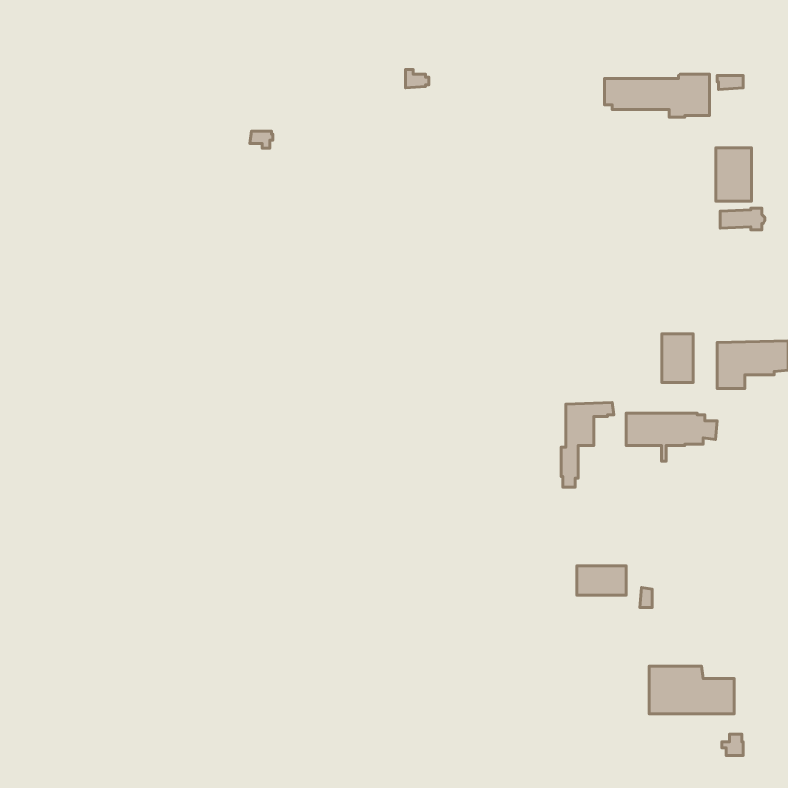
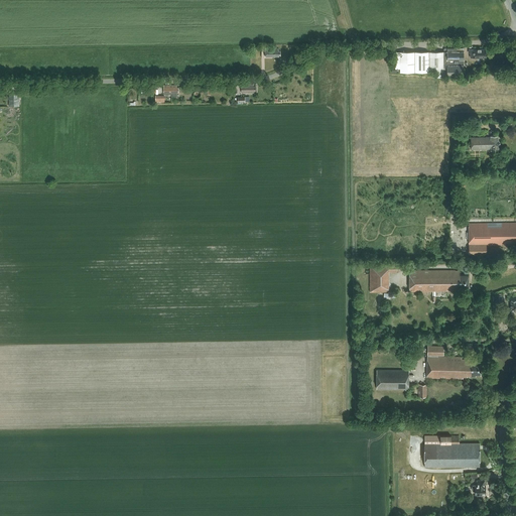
building: [716,148,751,201] -> none
building: [662,334,693,382] -> none
building: none -> [426,346,481,379]

